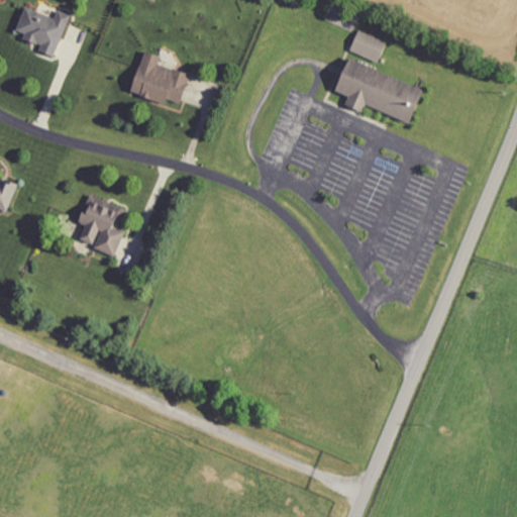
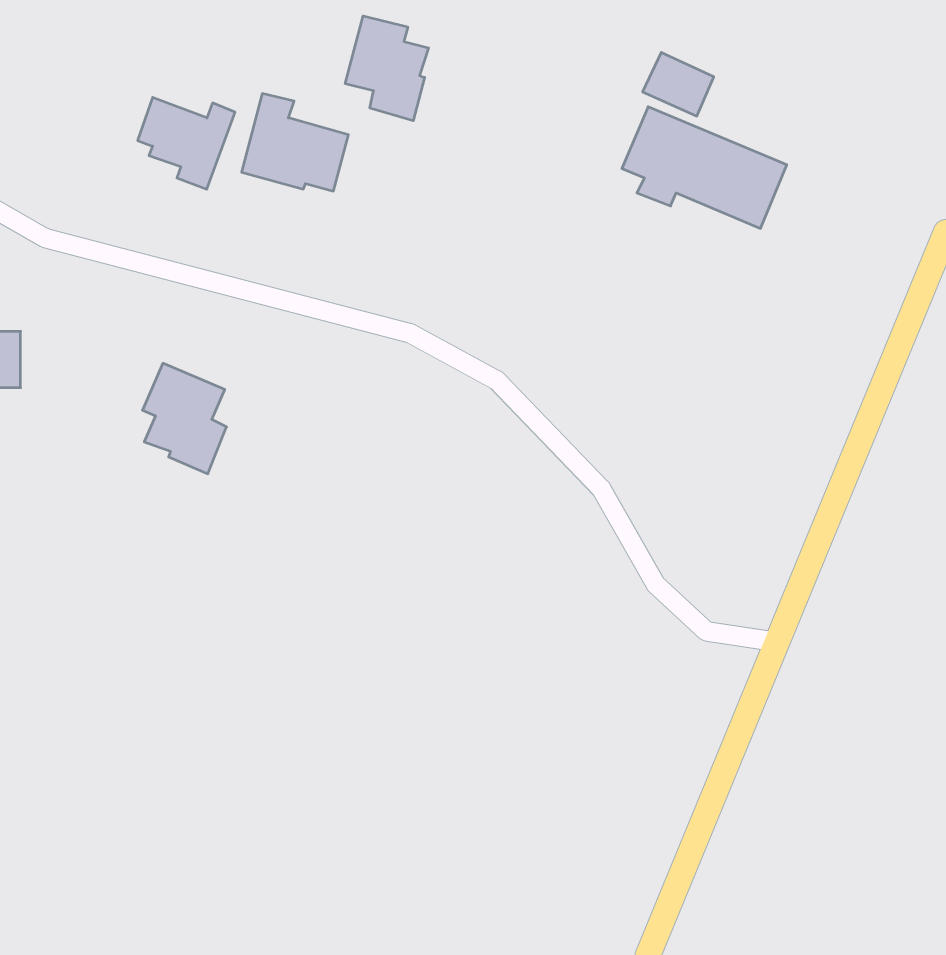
building: [14,6,67,56] -> [138,97,235,189]
building: none -> [345,16,429,121]

